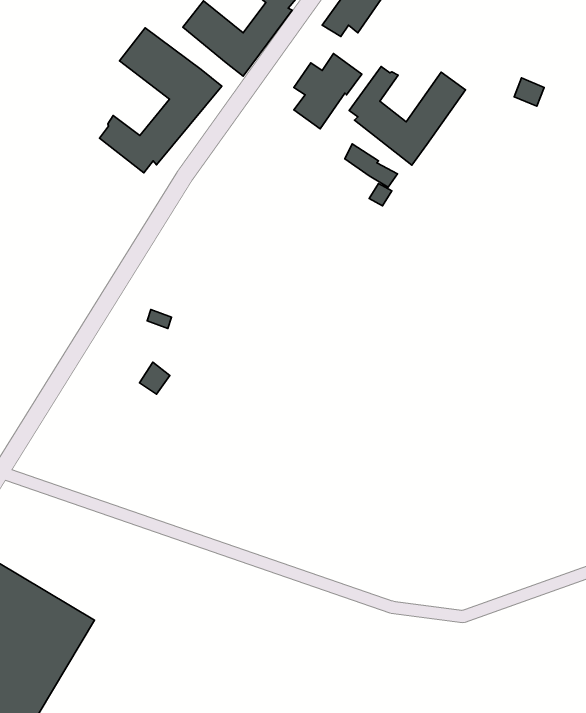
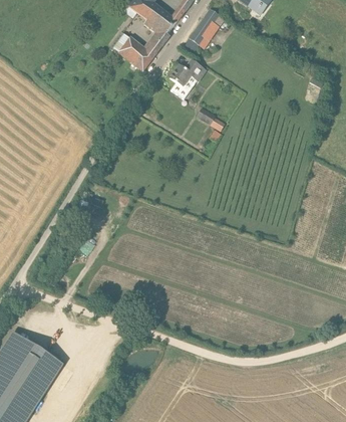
building: [99,28,222,173] -> none
building: [349,67,465,165] -> none

